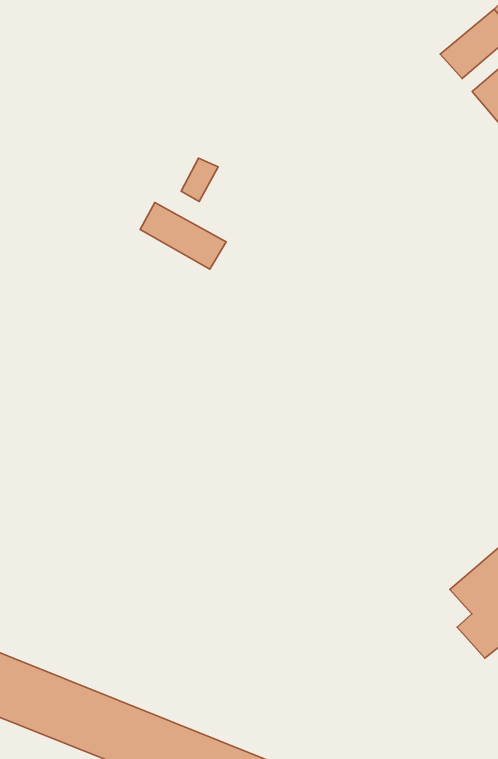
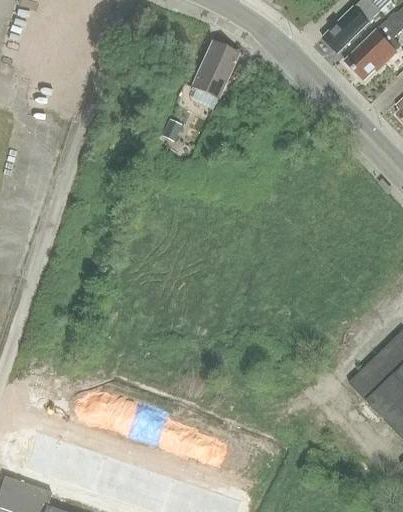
building: none -> [191,41,238,97]
building: [140,203,226,269] -> none

